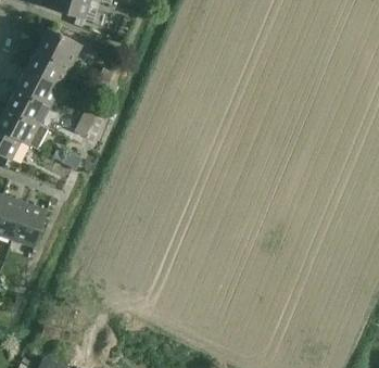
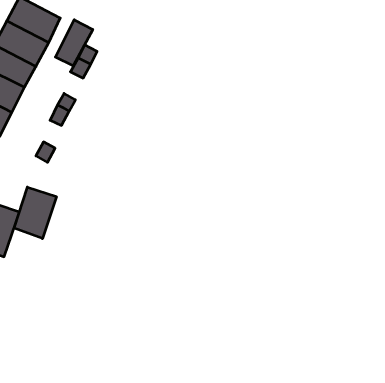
building: none -> [55,20,93,66]
building: none -> [14,187,56,239]

